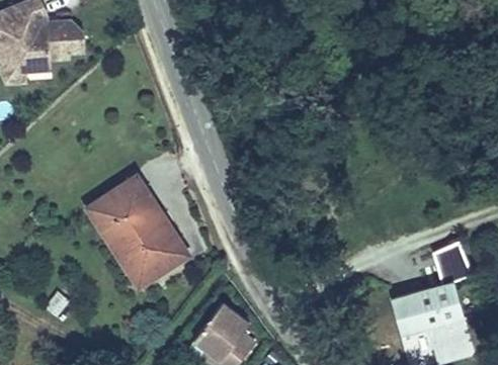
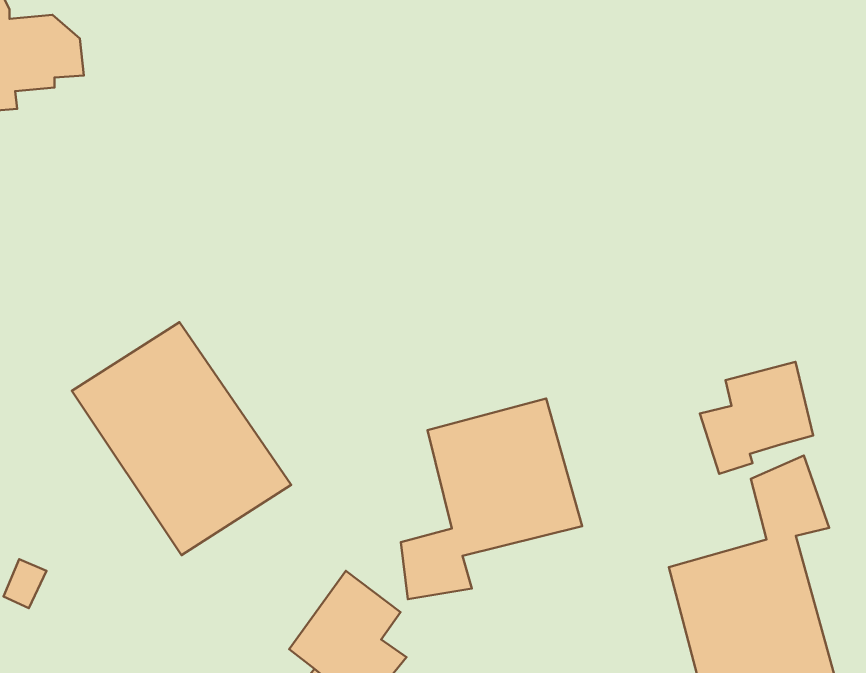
building: none -> [700,362,813,474]
building: none -> [401,399,582,599]

